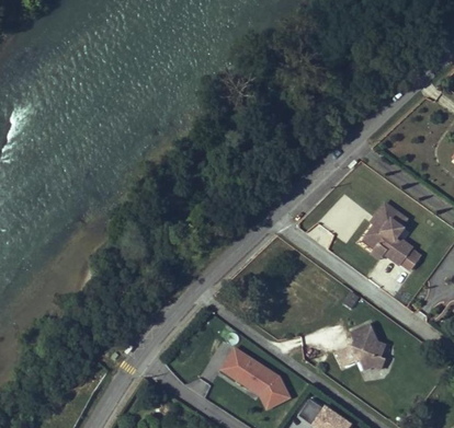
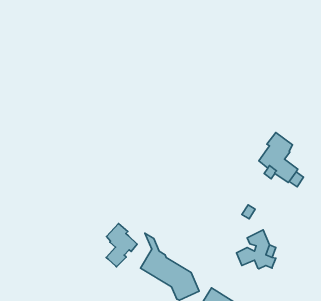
building: none -> [106,223,137,267]

